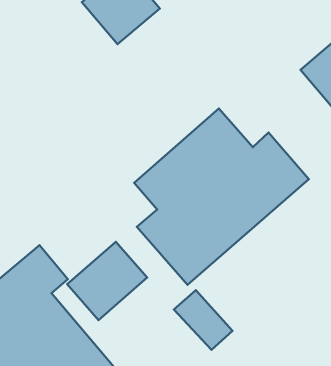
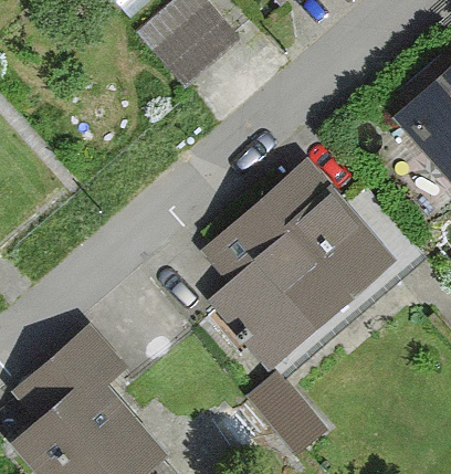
building: [67,242,147,320] -> none

